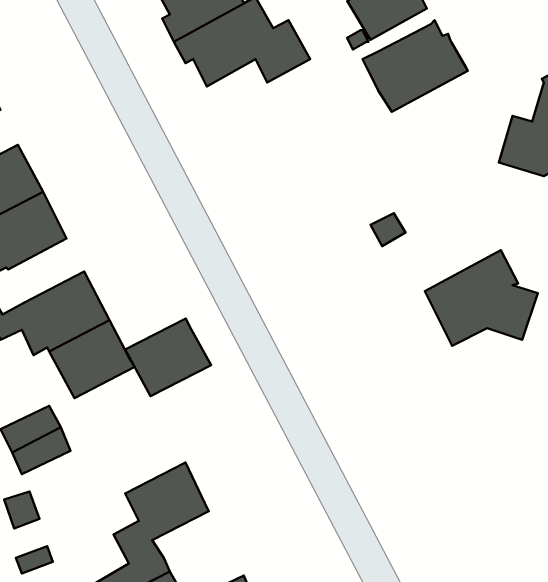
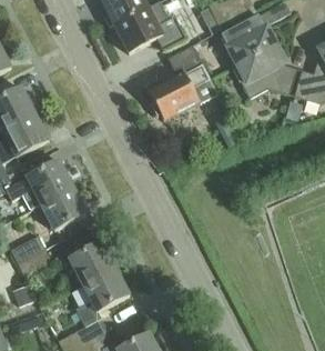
building: none -> [148,43,217,120]
building: [425,250,538,346] -> [233,43,297,98]
building: [125,318,211,396] -> [67,240,115,284]

